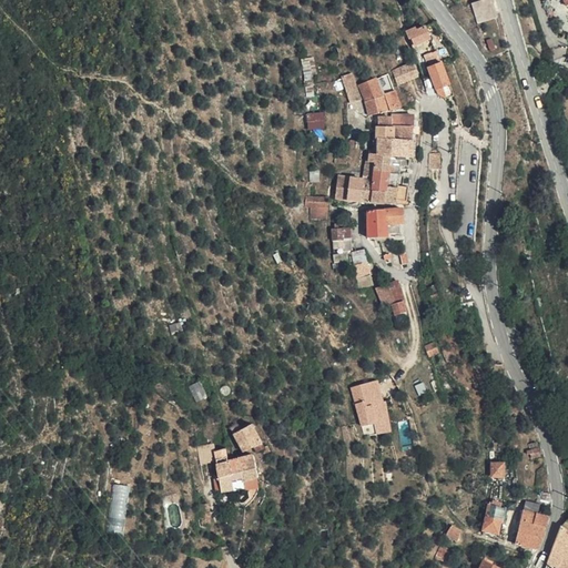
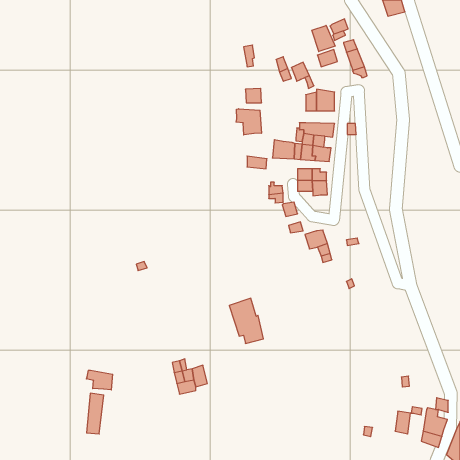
building: none -> [312,25,335,52]
building: none -> [236,109,261,135]
building: [376,138,412,153] -> none
building: [353,382,395,437] -> [229,298,263,343]
building: [232,419,261,447] -> none
building: none -> [86,370,113,390]

